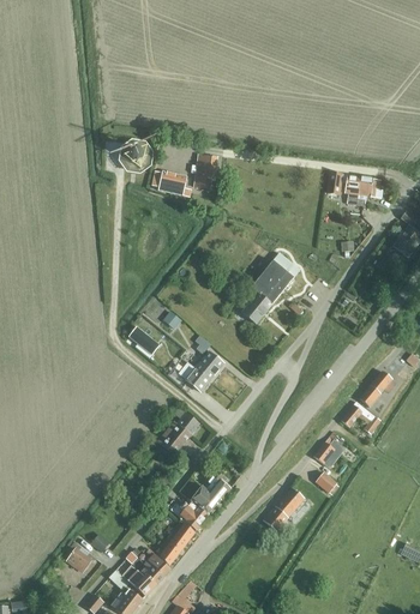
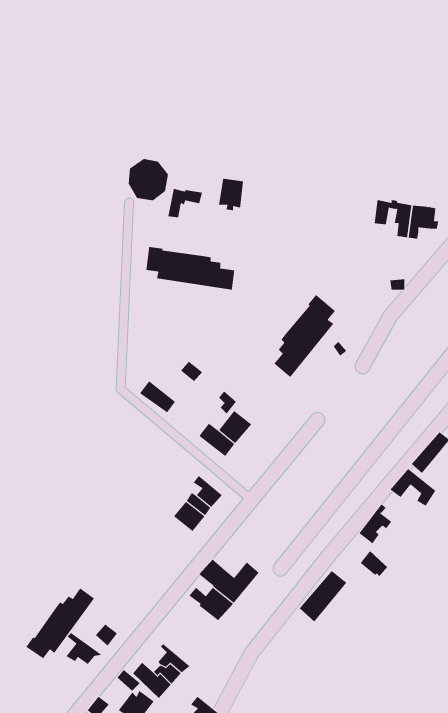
building: none -> [146,246,235,290]
building: none -> [26,588,95,659]
building: [156,524,194,565] -> none

